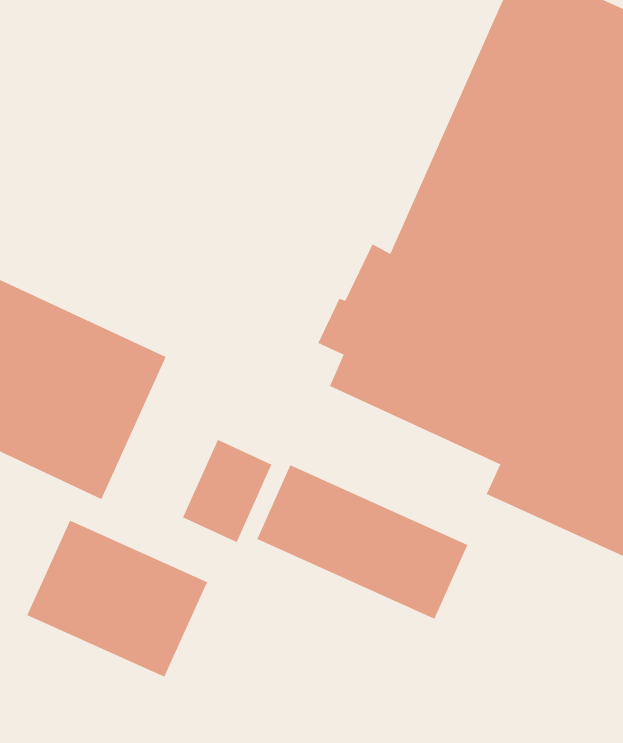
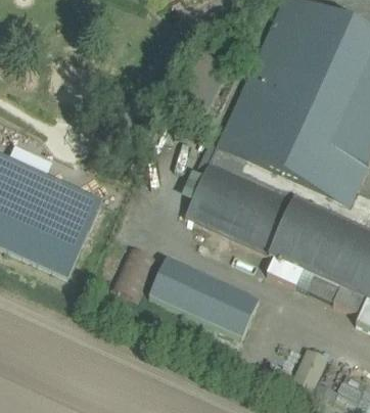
building: [26,520,208,678] -> none

